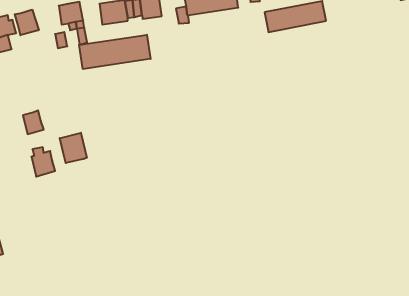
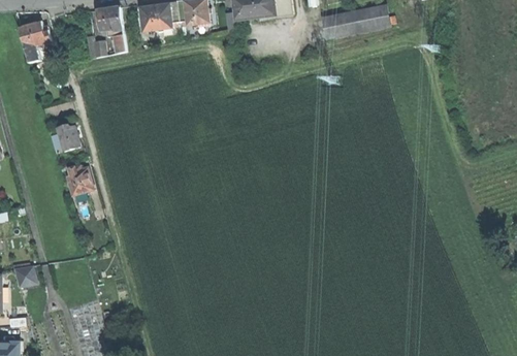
building: [15,10,39,35] -> none
building: [79,35,151,69] -> none
building: [60,133,87,163] -> none

